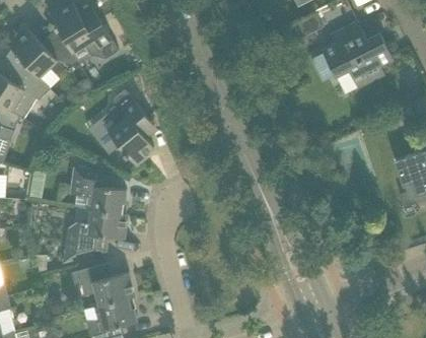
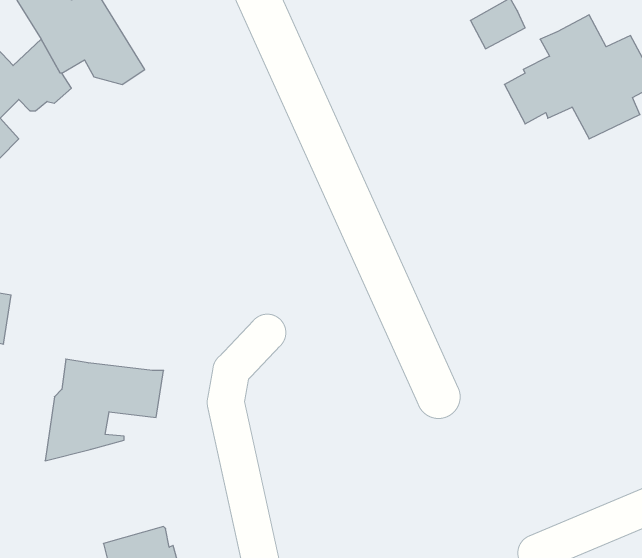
building: [106,88,153,166] -> none
building: [76,168,126,213] -> none
building: [71,264,134,307] -> none

